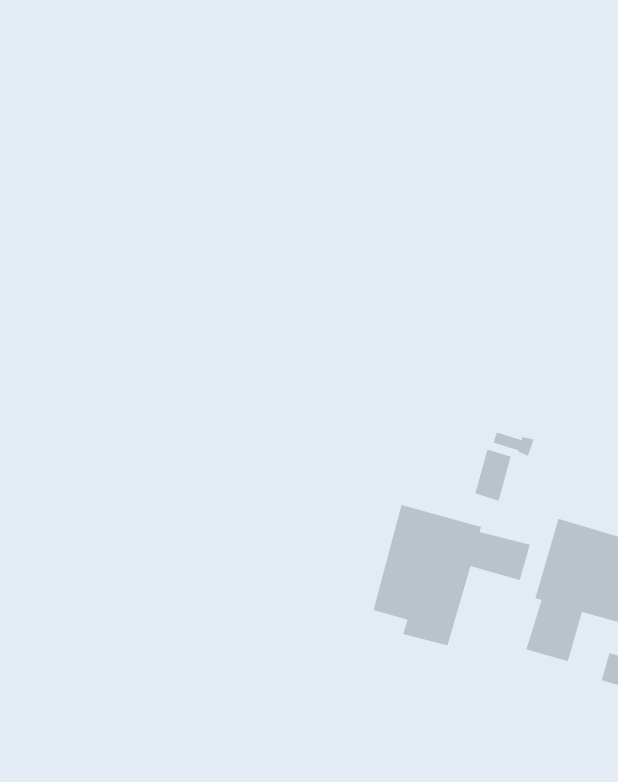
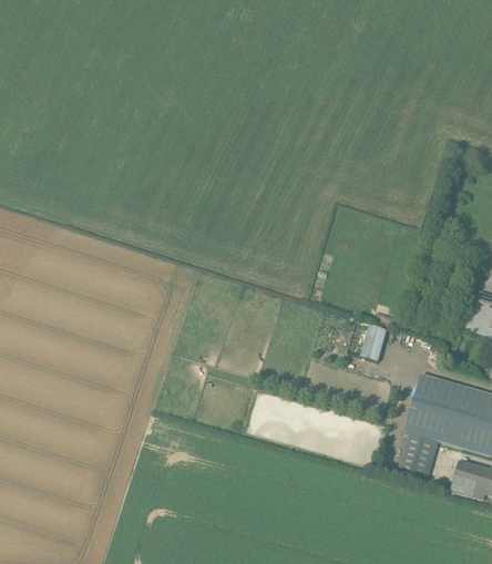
building: [373,504,530,646] -> none

